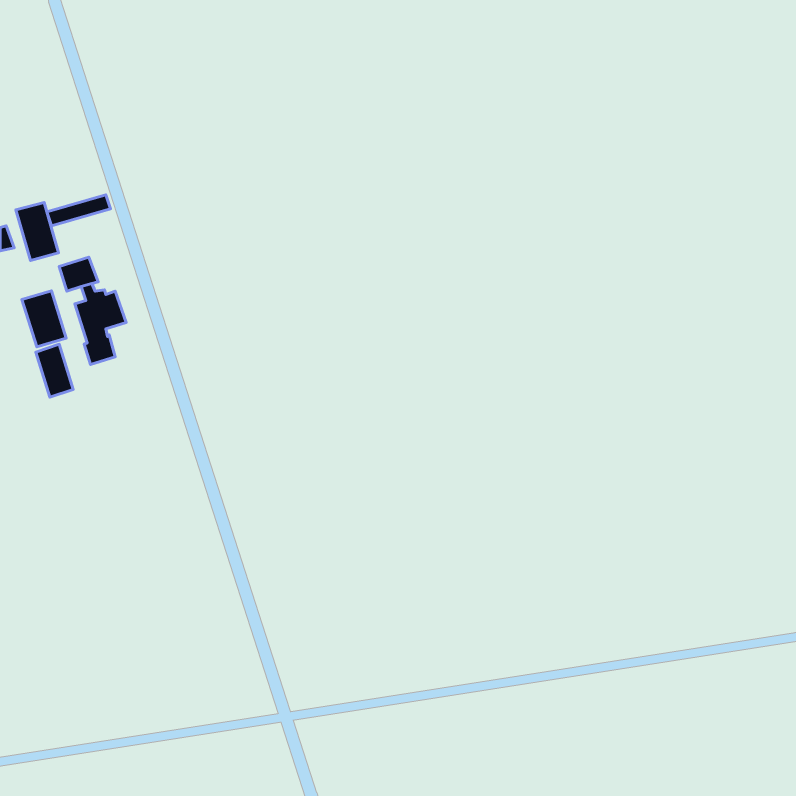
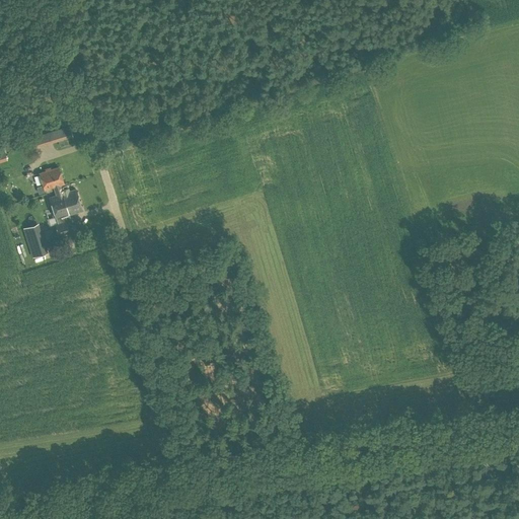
building: [16,202,59,260] -> none
building: [22,291,66,347] -> none

